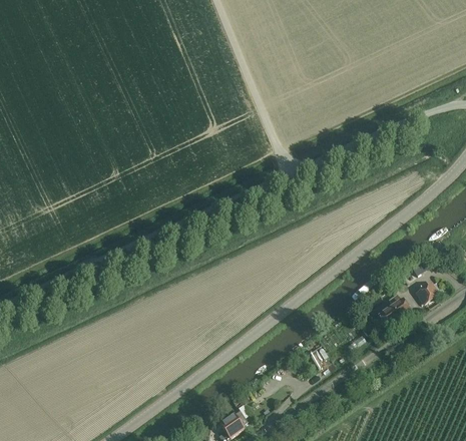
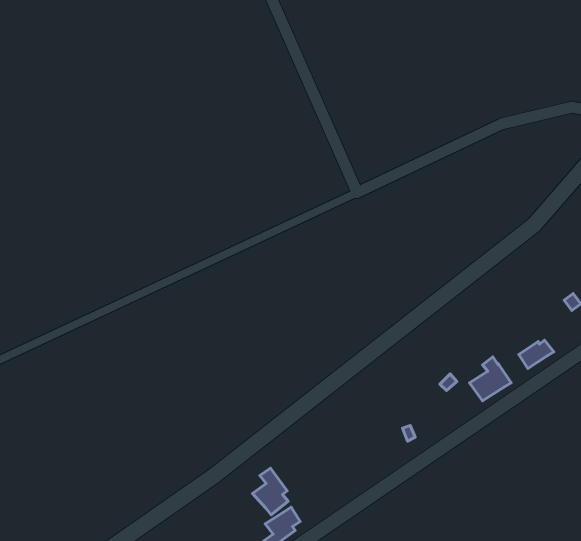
building: none -> [253,468,288,515]

